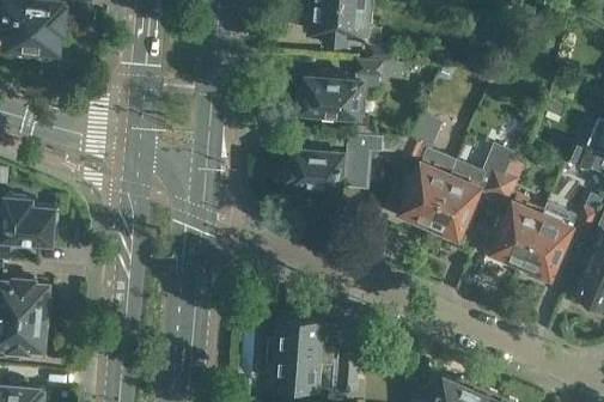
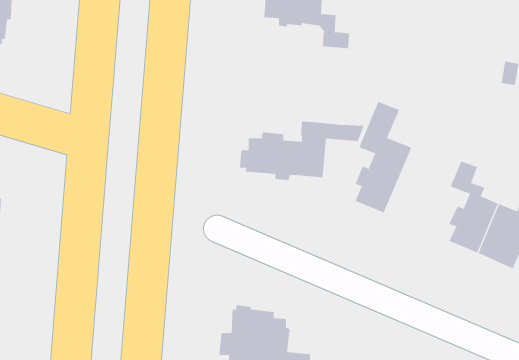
building: [299,60,403,116] -> none
building: [428,146,512,238] -> none

